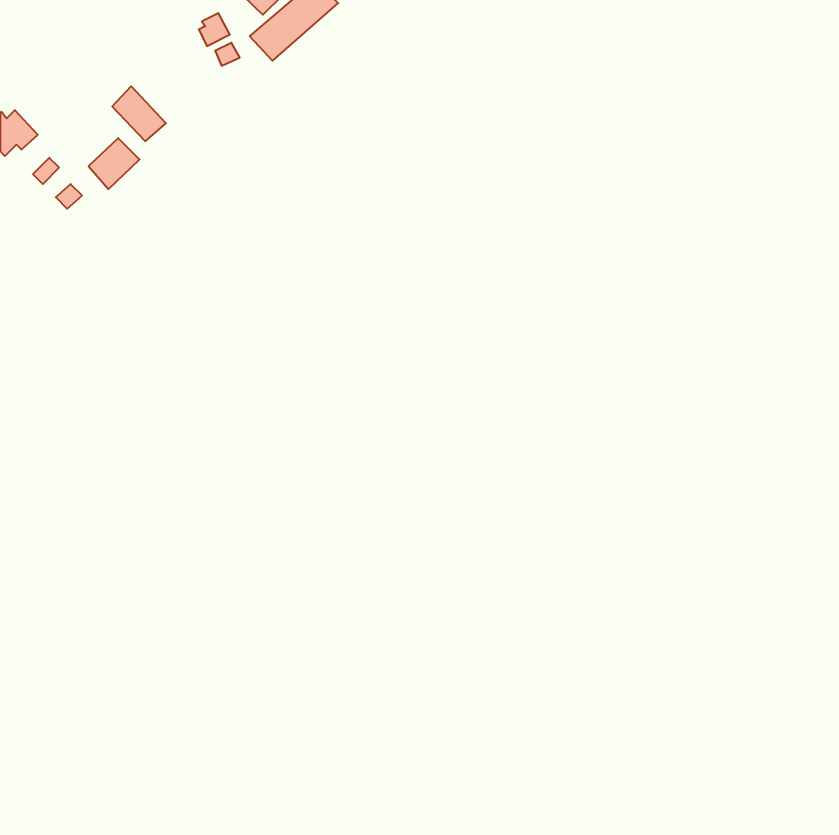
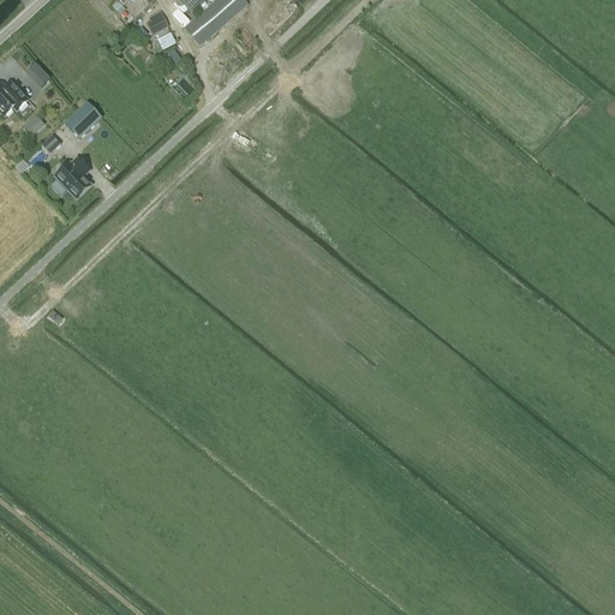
building: [112,86,166,141] -> none
building: none -> [54,156,90,197]

